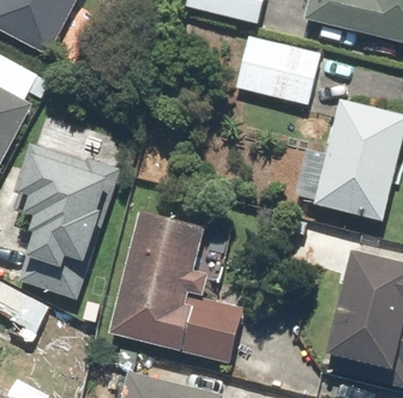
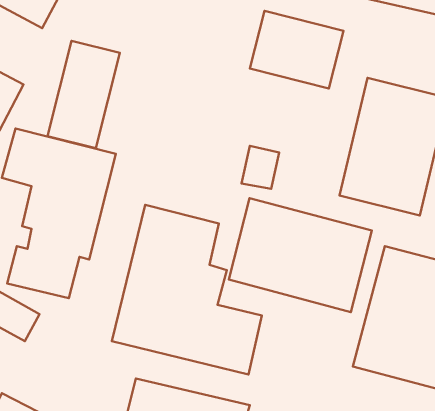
building: none -> [47,41,120,148]
building: none -> [229,198,372,312]

